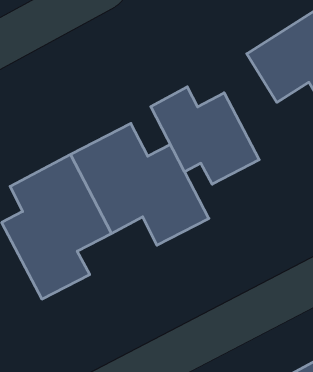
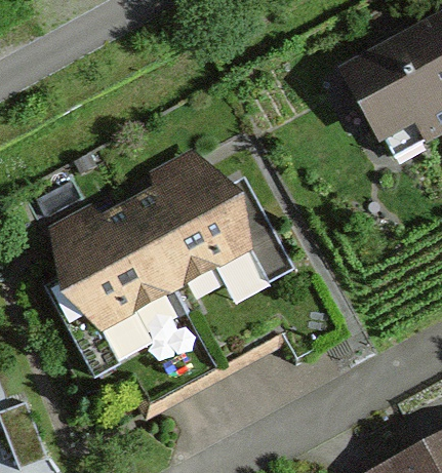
building: [151,87,259,184] -> none

